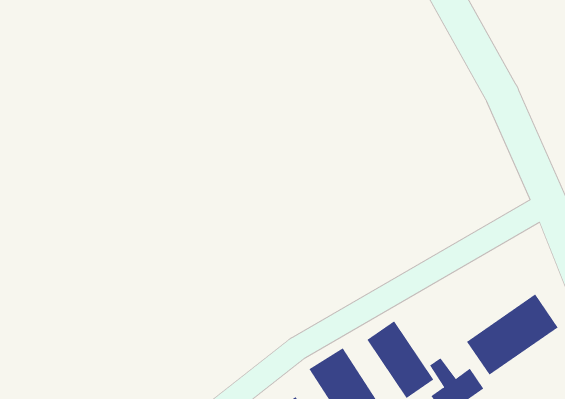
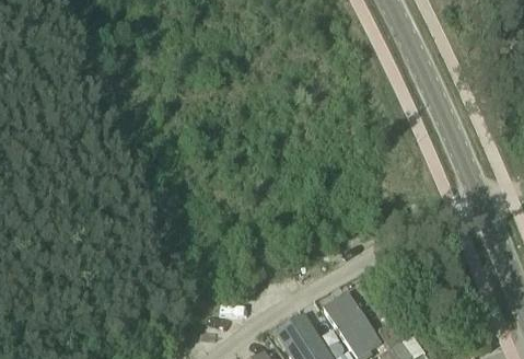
building: [466,293,559,376] -> none

